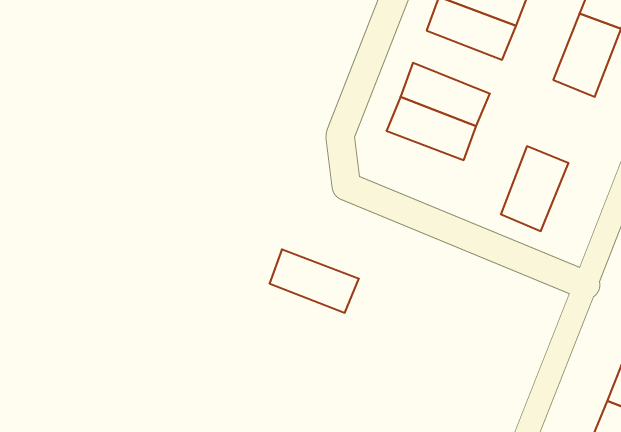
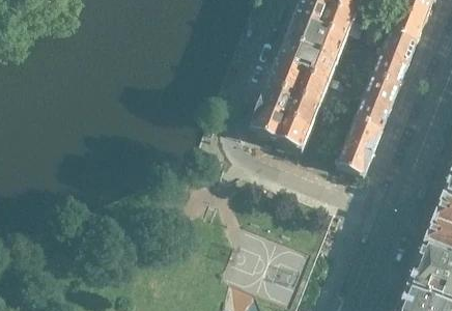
building: none -> [278,37,338,80]
building: none -> [355,70,400,126]
building: [269,249,359,313] -> [252,105,312,147]

